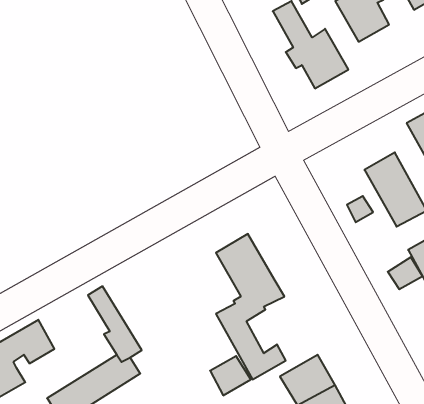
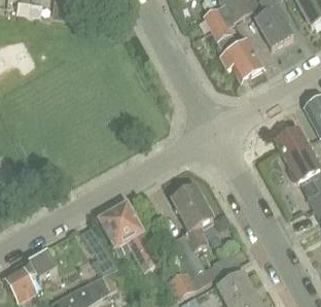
building: none -> [99,202,159,270]

